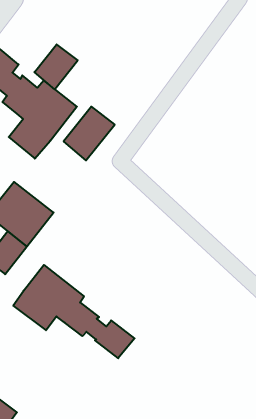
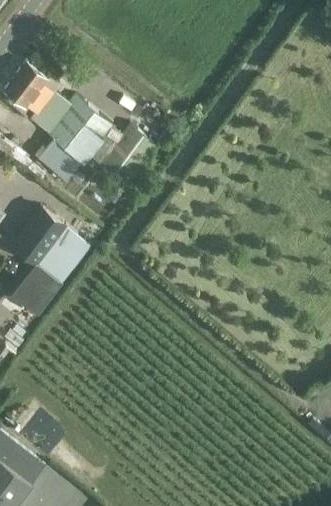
building: [34,44,78,89] -> none
building: [13,265,135,358] -> none

